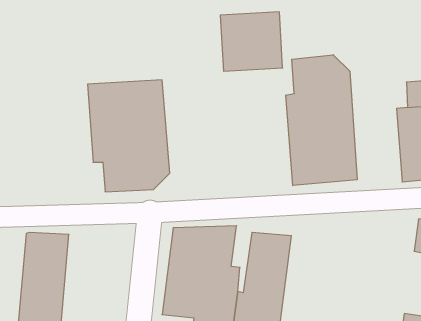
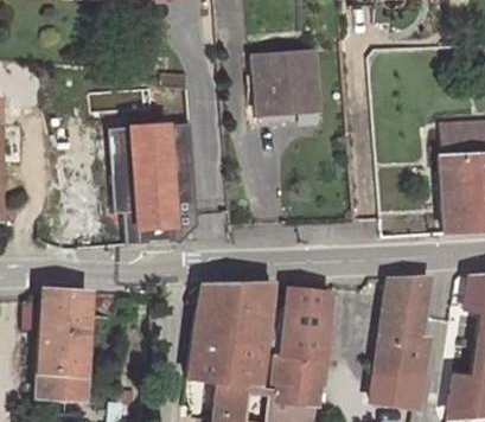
building: [286,55,357,186] -> none
building: none -> [377,276,426,376]

